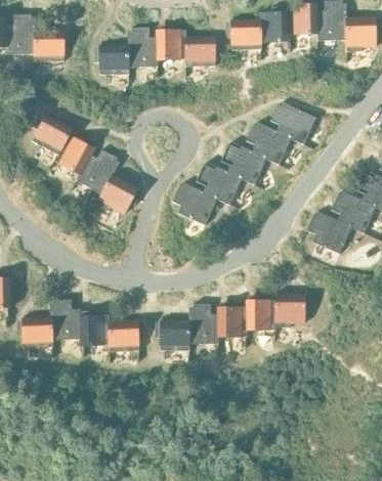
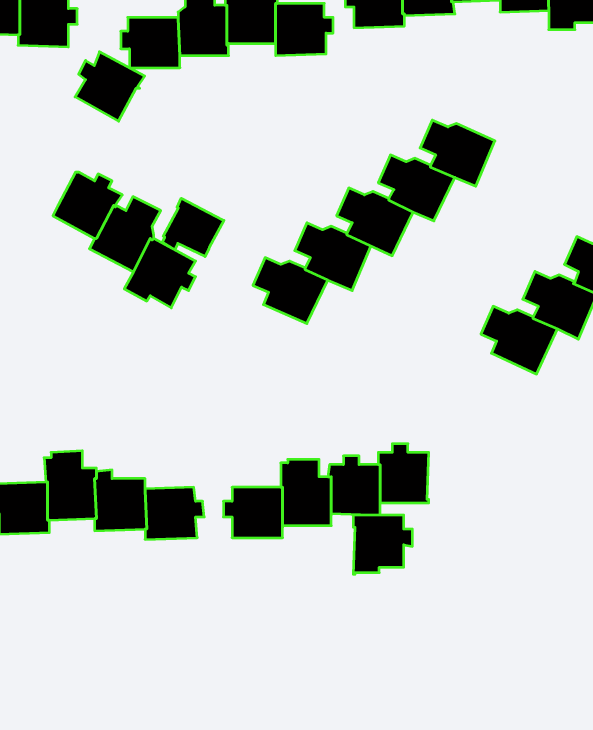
building: [32,114,73,155] -> [75,52,145,121]
building: none -> [162,198,224,257]
building: [274,293,309,327] -> [353,515,412,574]

